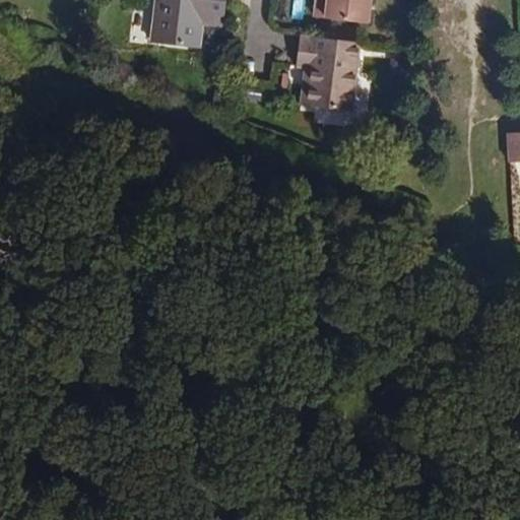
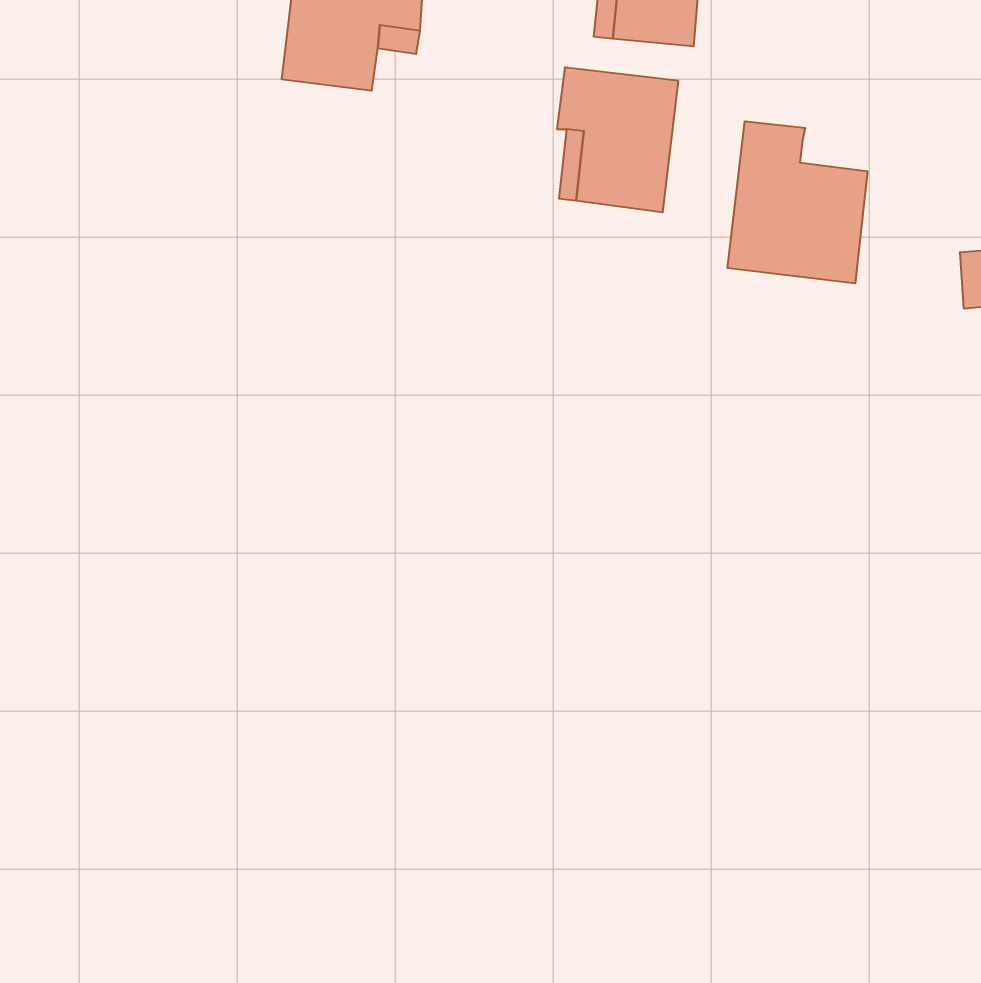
building: none -> [728,121,867,283]

